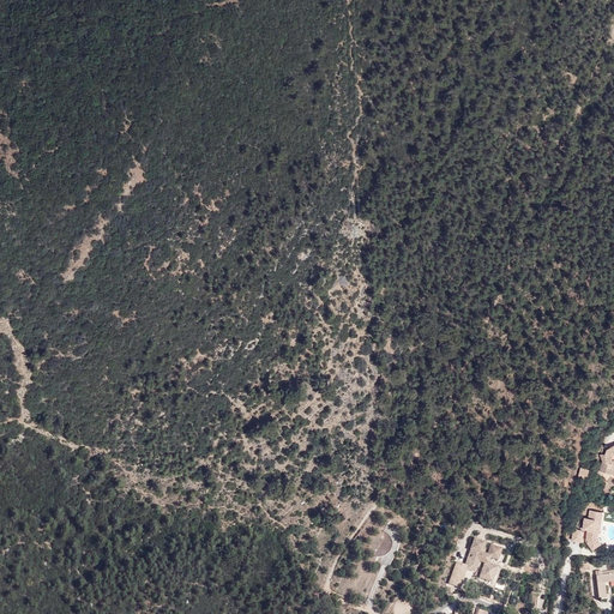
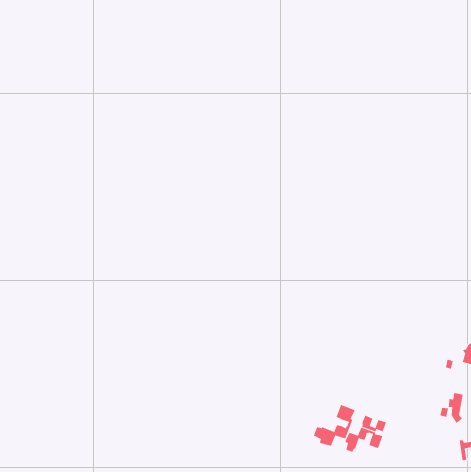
building: none -> [313,404,356,446]

